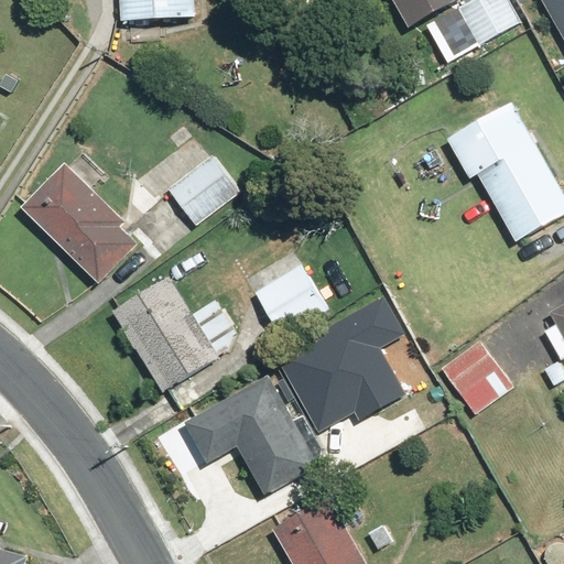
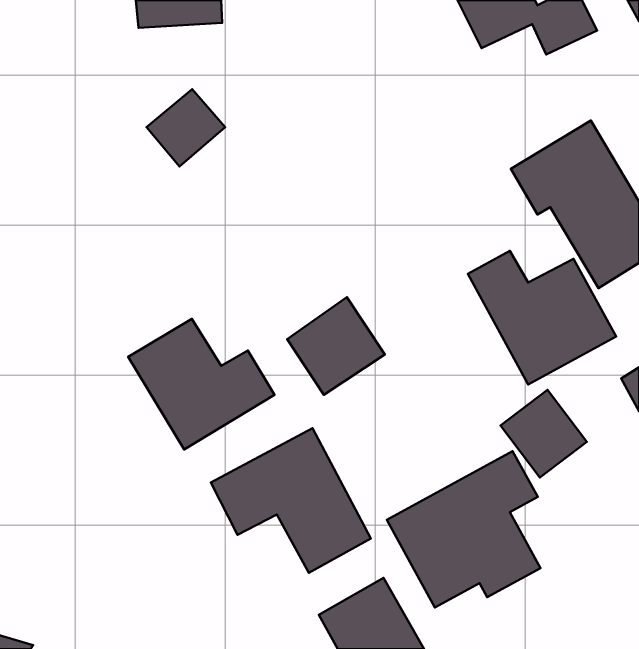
building: [21,152,135,285] -> none
building: [169,156,237,224] -> [146,89,225,166]
building: none -> [468,251,616,385]
building: [271,291,404,426] -> [387,451,540,607]

